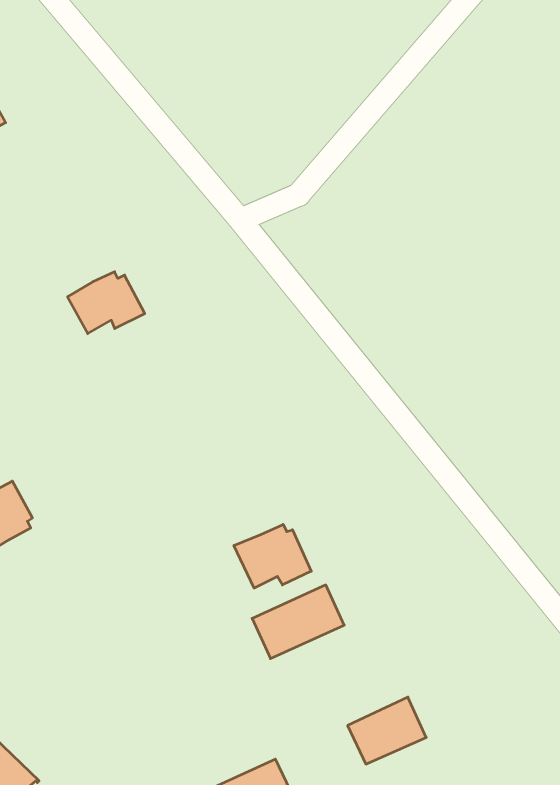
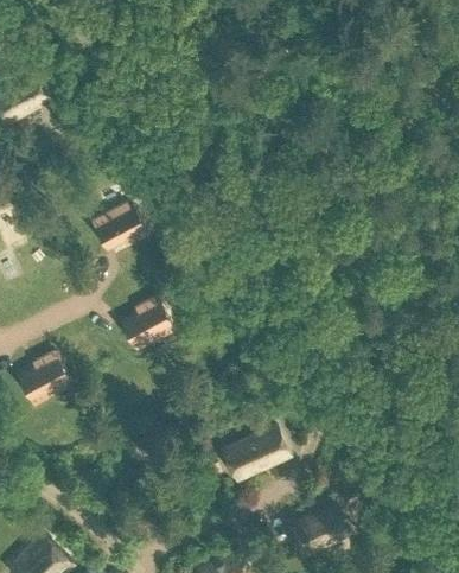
building: none -> [121,298,170,350]
building: [234,524,311,588] -> none

